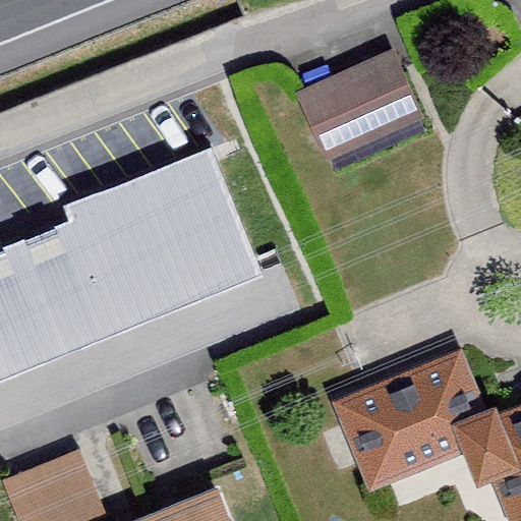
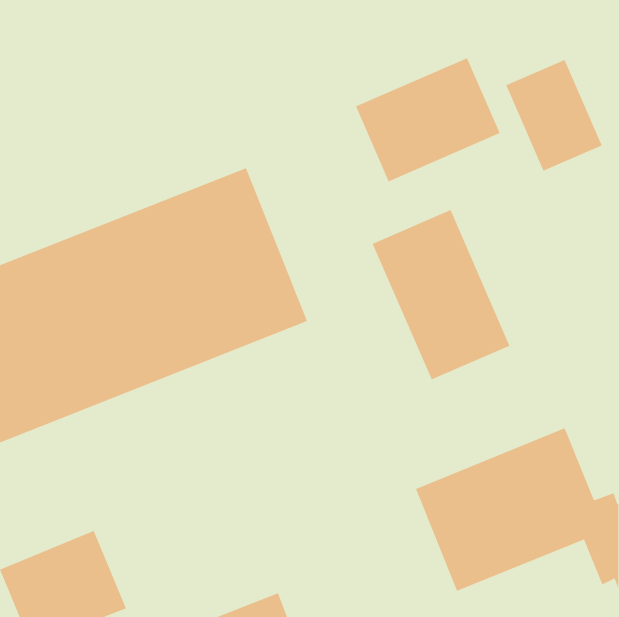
building: none -> [505,59,602,172]
building: none -> [372,209,510,380]

